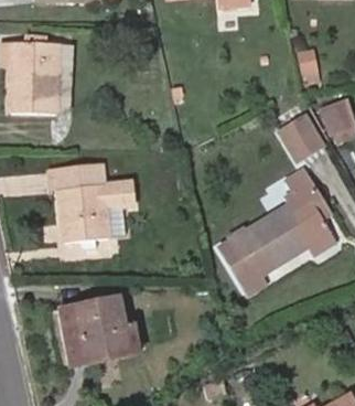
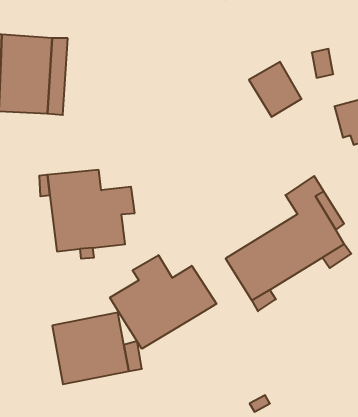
building: [277,111,325,162] -> [249,62,302,117]
building: none -> [110,255,216,349]

